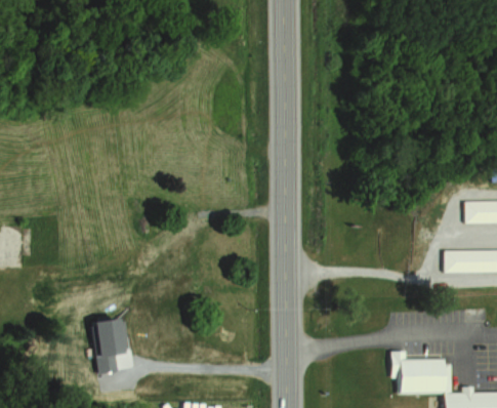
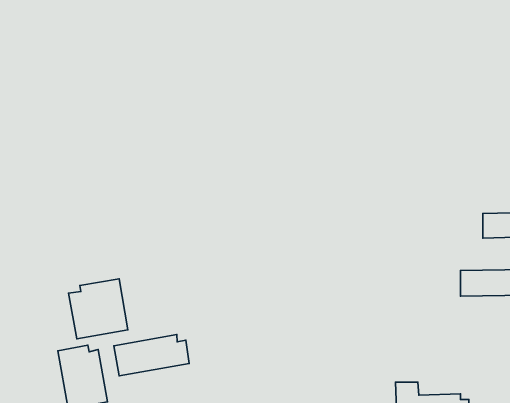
building: none -> [69,279,128,339]
building: none -> [114,334,189,376]

